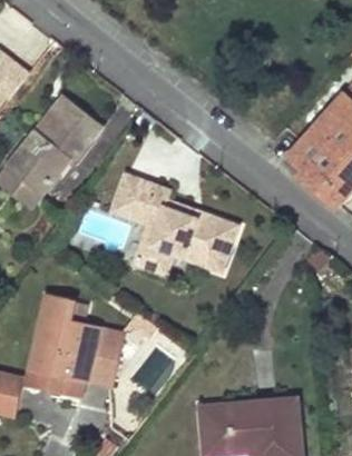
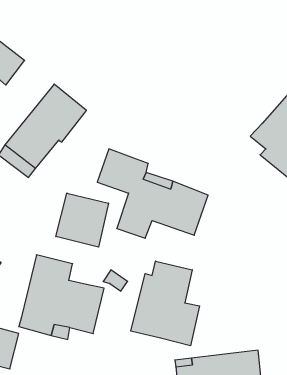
building: none -> [56,193,108,247]
building: none -> [131,261,200,346]

